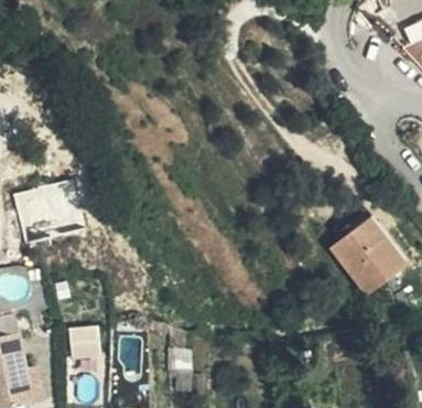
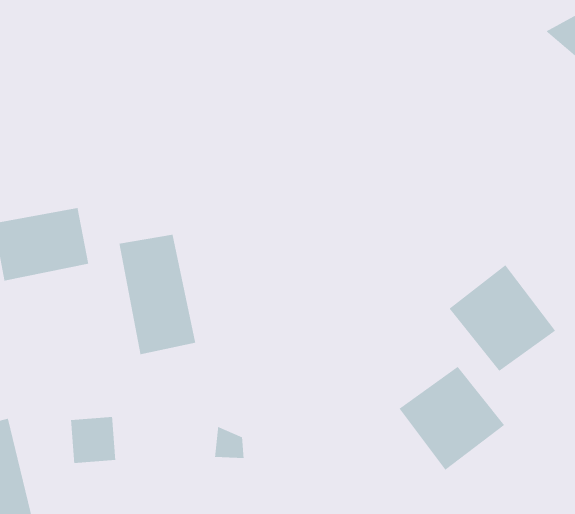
building: none -> [119,234,196,355]
building: none -> [398,366,505,471]

